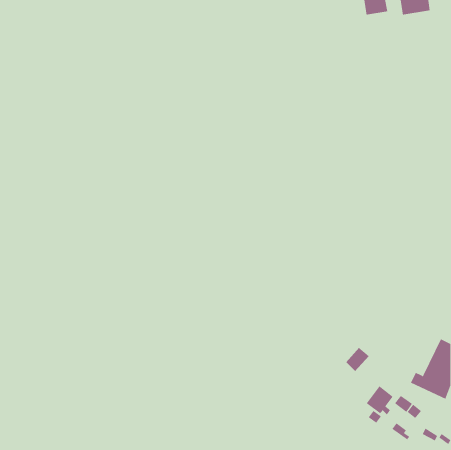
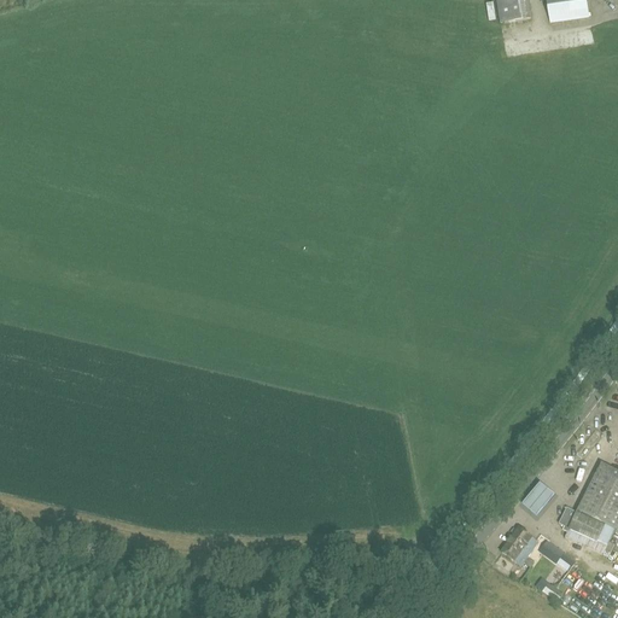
building: [346,347,369,372] -> [524,482,556,515]

